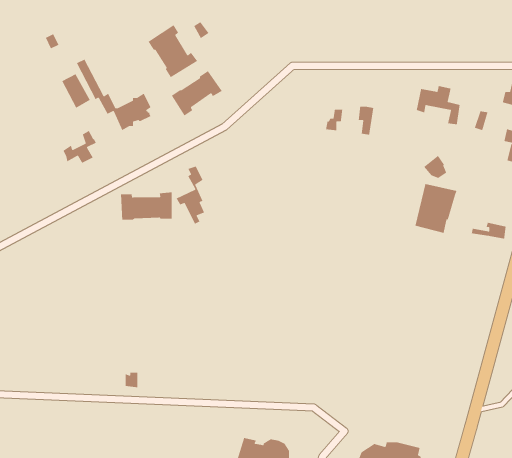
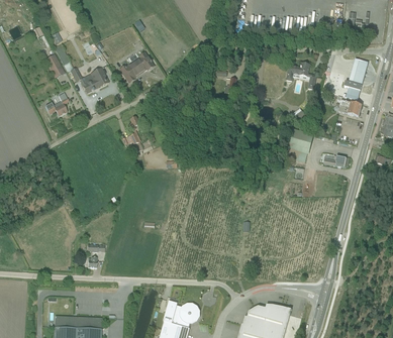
building: [148,24,198,78] -> none
building: [120,191,172,221] -> none

